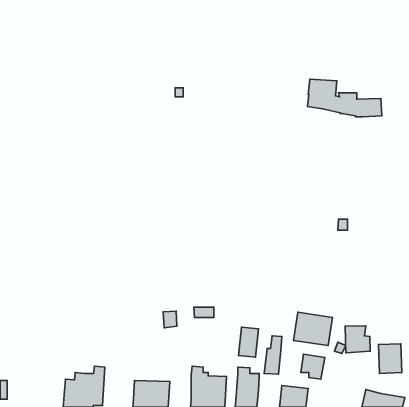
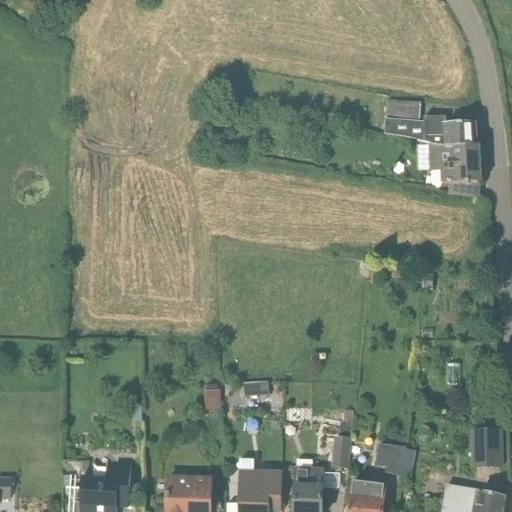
building: none -> [427,142,479,198]
building: [294,312,333,346] -> none
building: [345,326,370,353] -> none
building: [239,327,258,357] -> none

